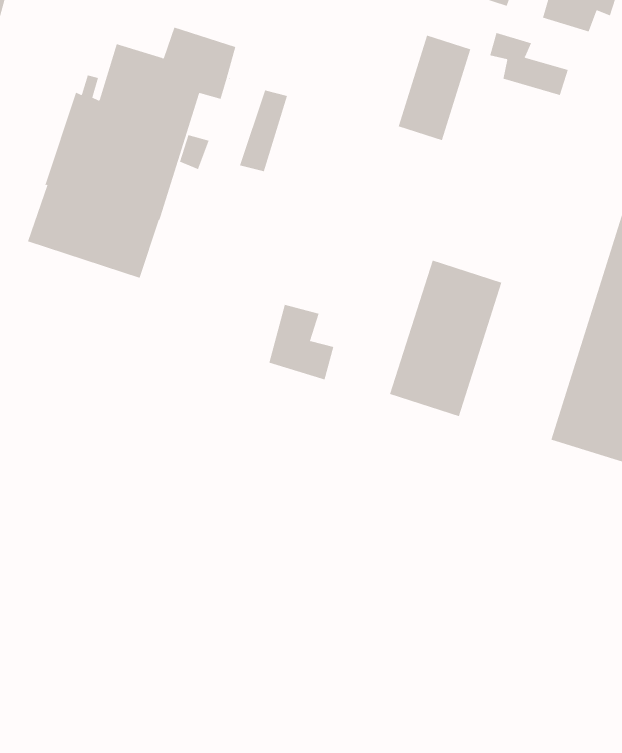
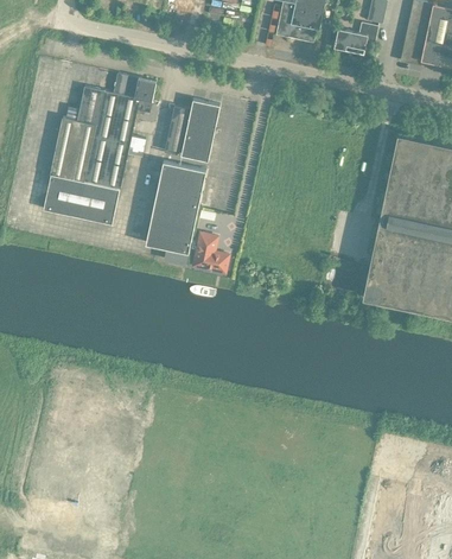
building: [490,32,568,96] -> none
building: [398,35,471,141] -> [180,101,219,163]
building: [389,260,502,417] -> [145,163,205,254]

